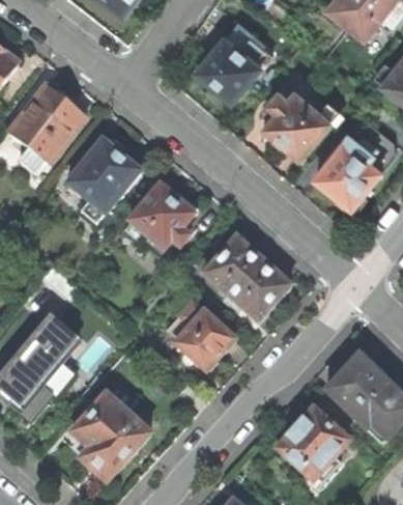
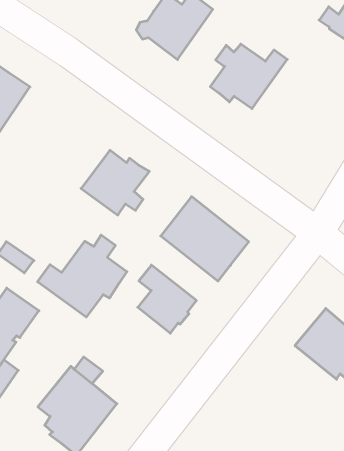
building: [316,134,381,201] -> none
building: [67,139,140,222] -> none
building: none -> [38,235,127,317]
building: [282,408,347,481] -> none

